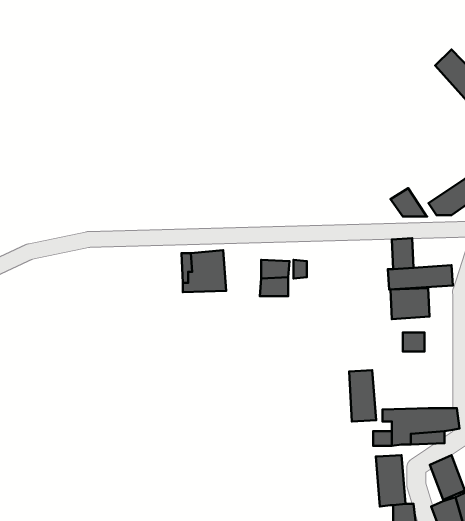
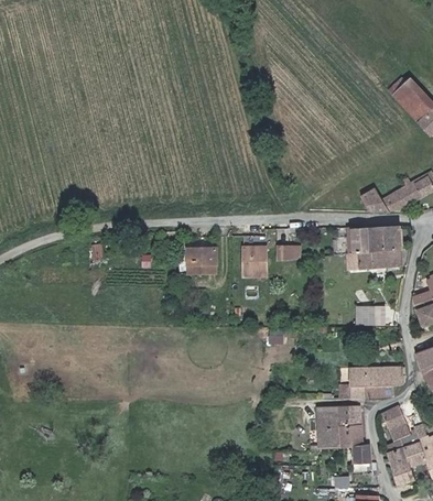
building: [390,288,430,319] -> [367,227,399,252]
building: [349,370,376,421] -> [318,406,340,448]

